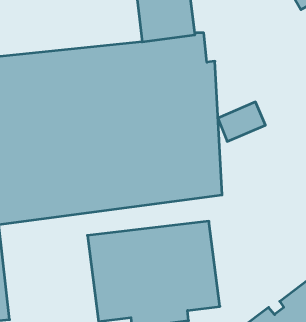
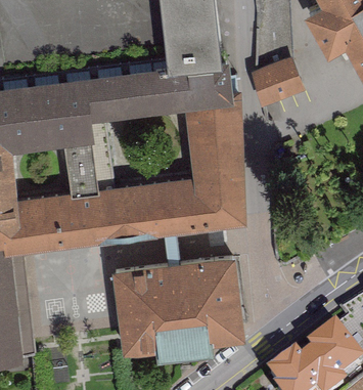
building: [218,102,265,141] -> [248,57,297,97]

